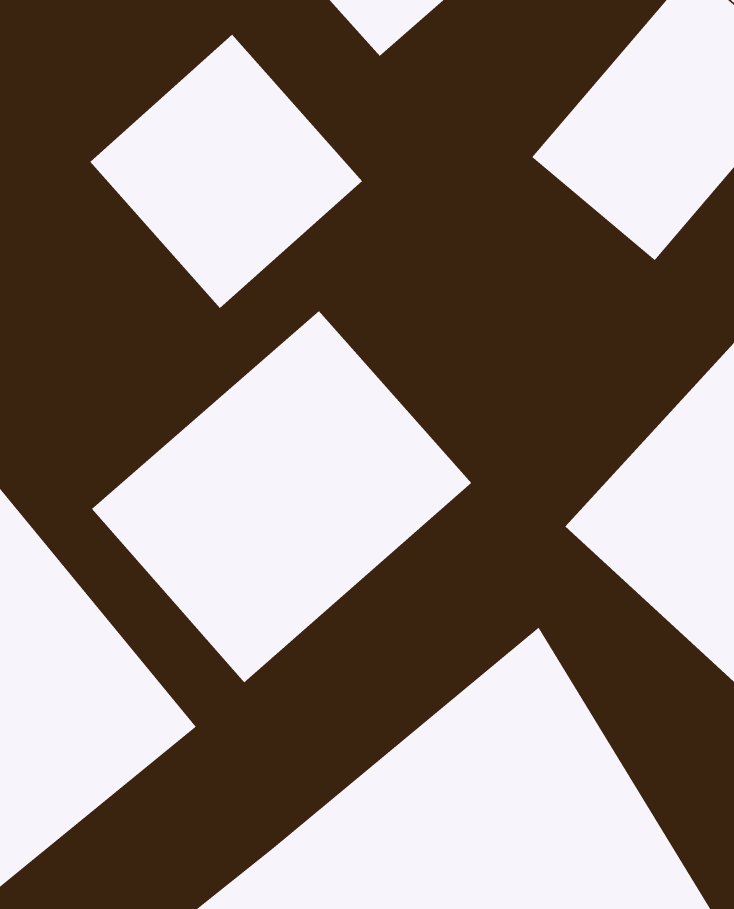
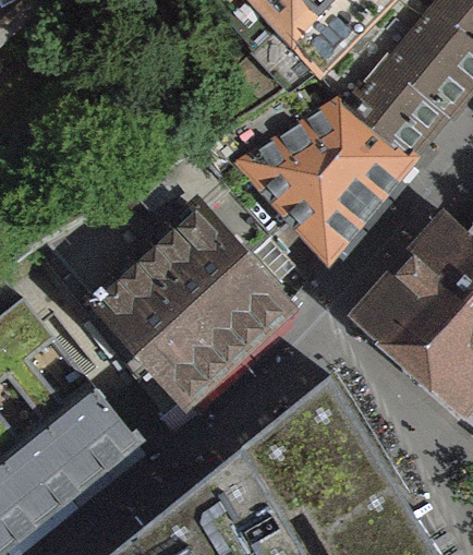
building: [89,34,363,309] -> none
building: none -> [229,110,399,272]

